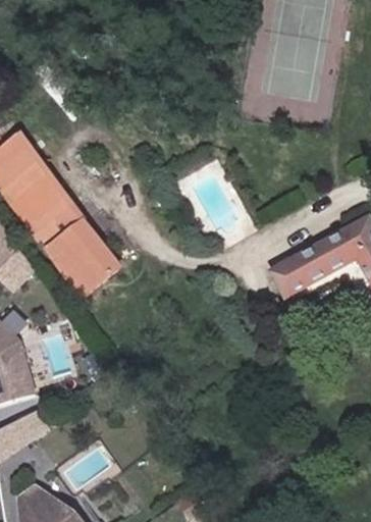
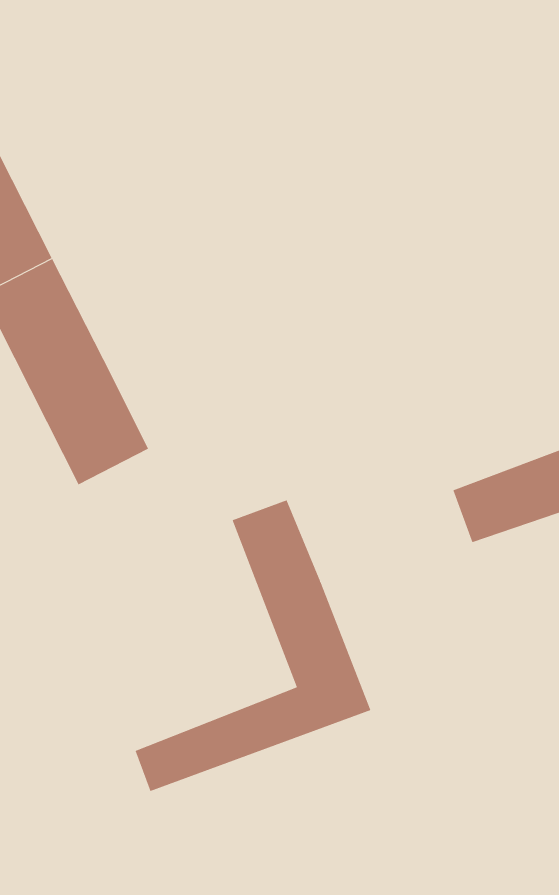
building: none -> [135,499,371,792]

